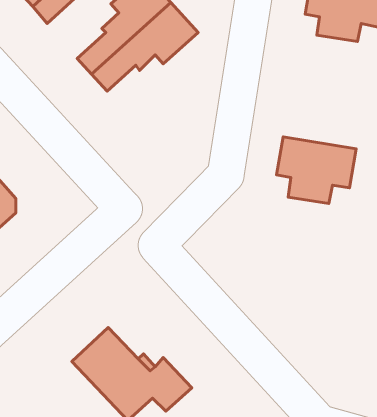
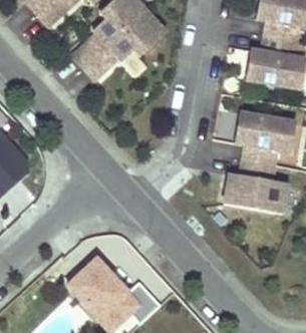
building: none -> [239,33,300,87]
building: none -> [217,157,280,211]

